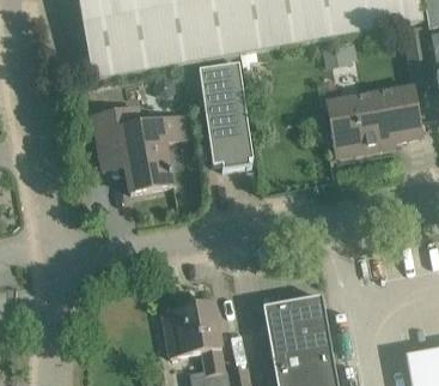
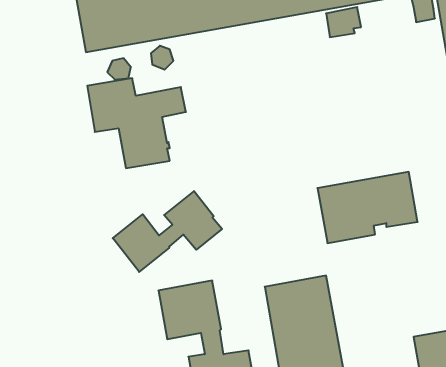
building: [195,61,252,169] -> none
building: [327,86,422,155] -> [317,172,418,243]
building: none -> [113,191,222,272]

